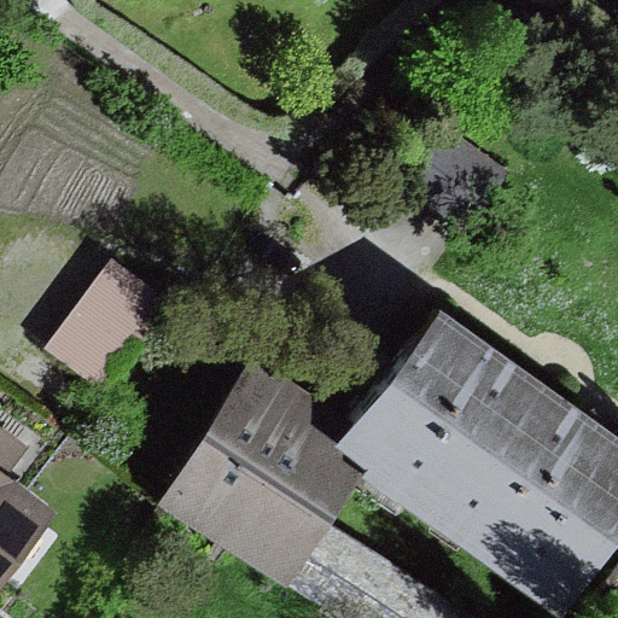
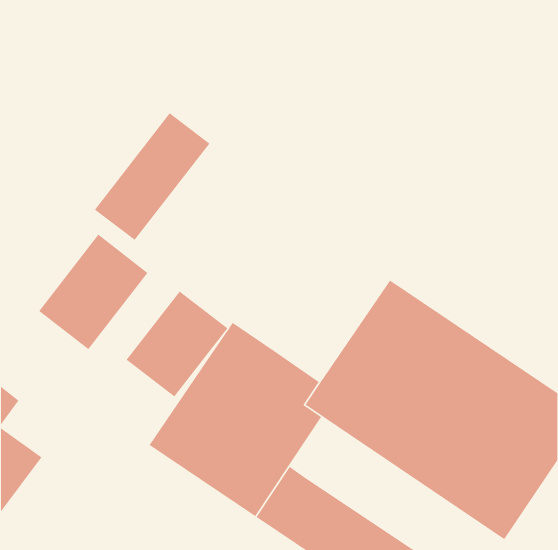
building: none -> [94,112,210,241]
building: none -> [126,291,228,397]

